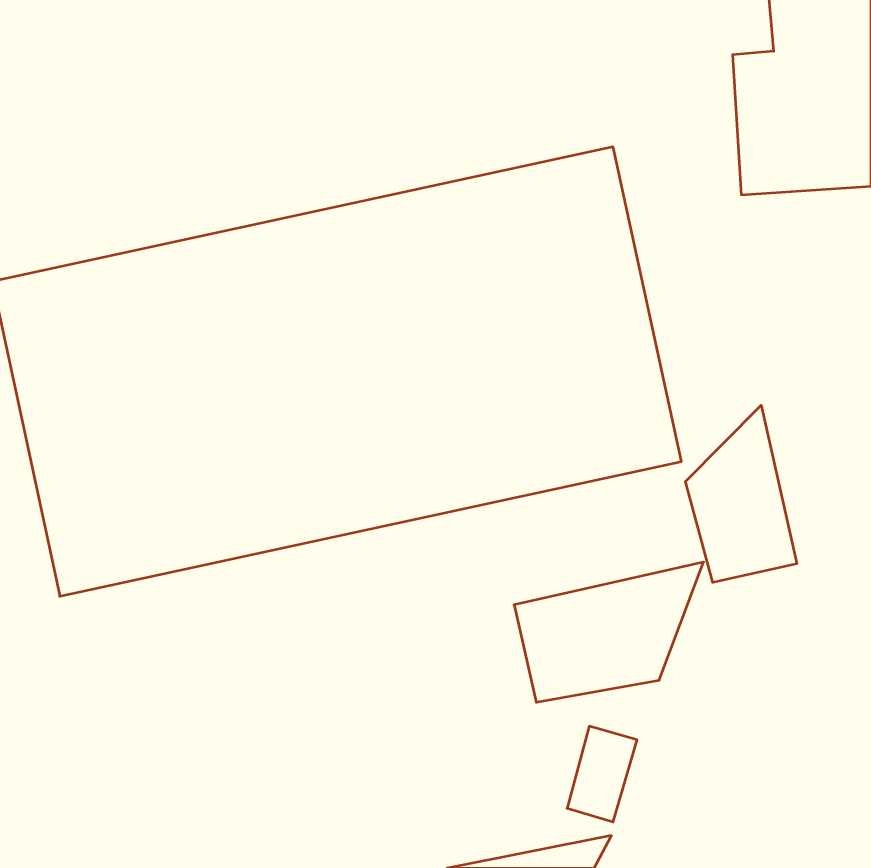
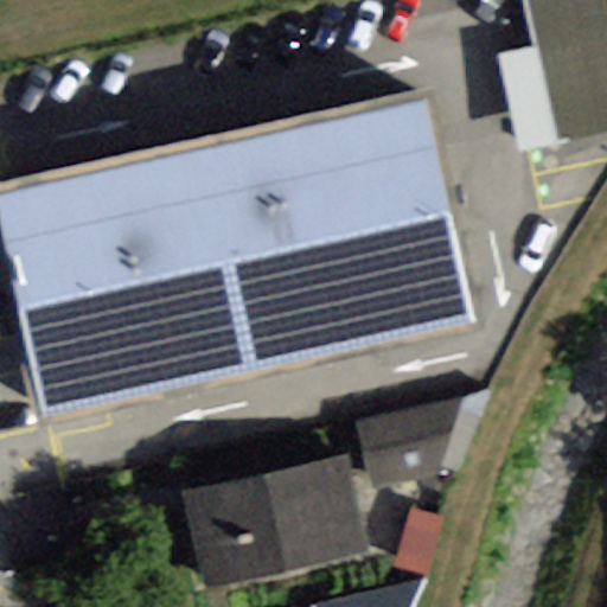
building: [685,405,797,582] -> none
building: none -> [183,453,365,583]

